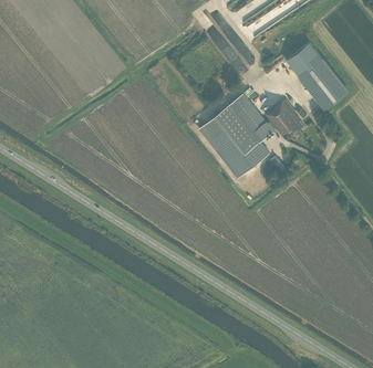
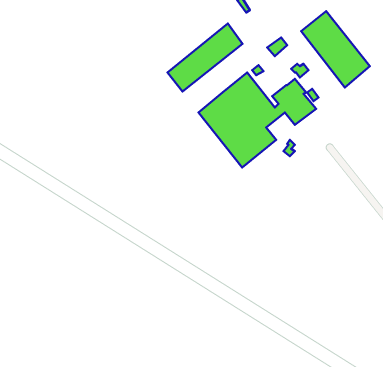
building: none -> [167,24,242,92]

